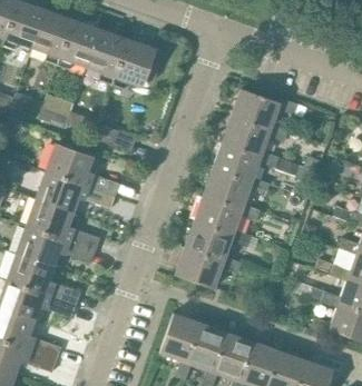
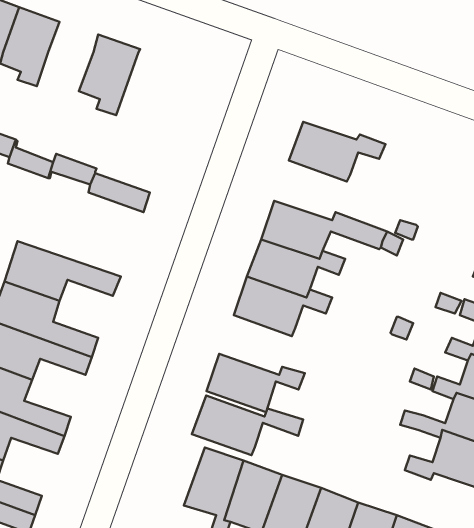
building: [58,20,100,69] -> none
building: [112,39,157,89] -> none
building: [222,116,290,157] -> none
building: [45,143,120,196] -> none
building: [184,222,261,264] -> [192,395,303,455]

